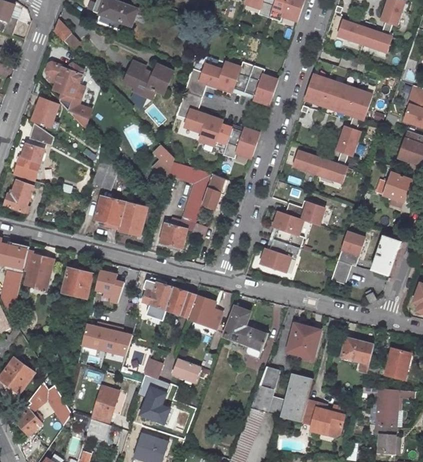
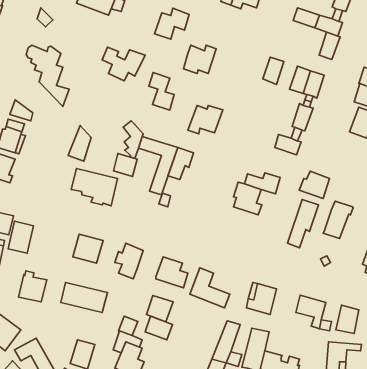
building: [184,64,222,98] -> [154,8,189,39]
building: [244,66,277,105] -> none
building: [319,80,342,110] -> [319,32,340,60]
building: [30,98,59,127] -> none
building: [198,116,232,155] -> none
building: [292,151,321,174] -> none
building: [379,173,412,203] -> [299,171,329,198]
building: [158,224,184,249] -> [113,154,137,176]
building: [260,239,299,273] -> none
building: [62,265,93,299] -> [18,271,47,302]
building: [166,287,195,316] -> [147,295,173,322]

